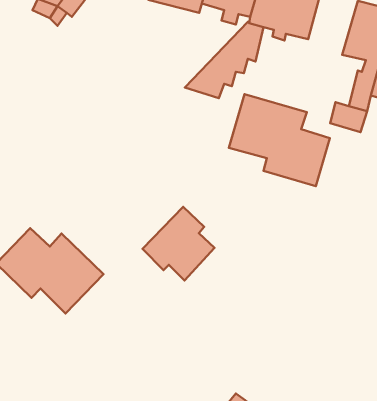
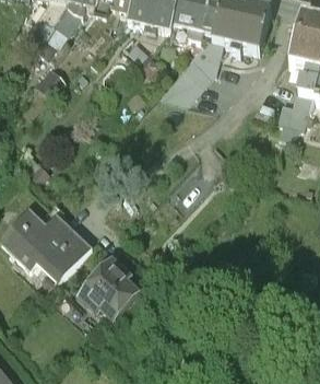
building: [229,94,330,186] -> none
building: [142,207,215,281] -> [78,254,138,315]

